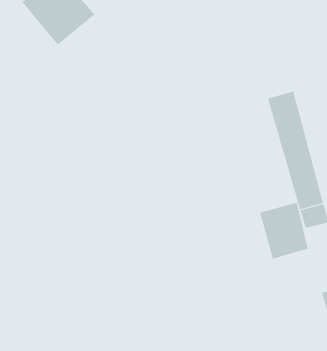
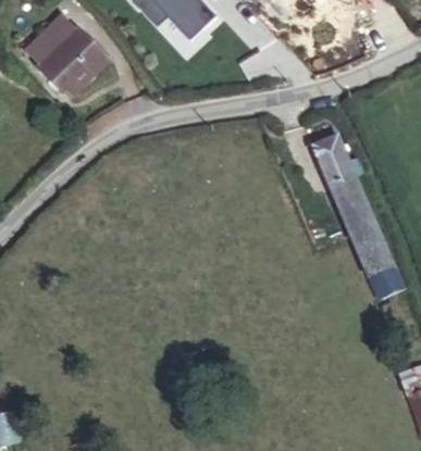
building: [260,202,308,259] -> none

